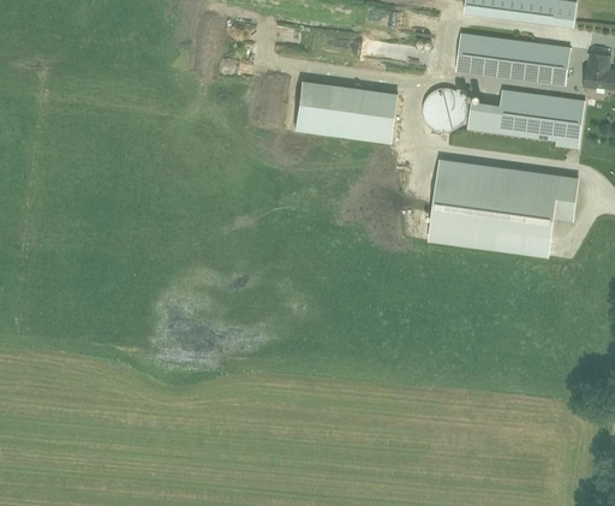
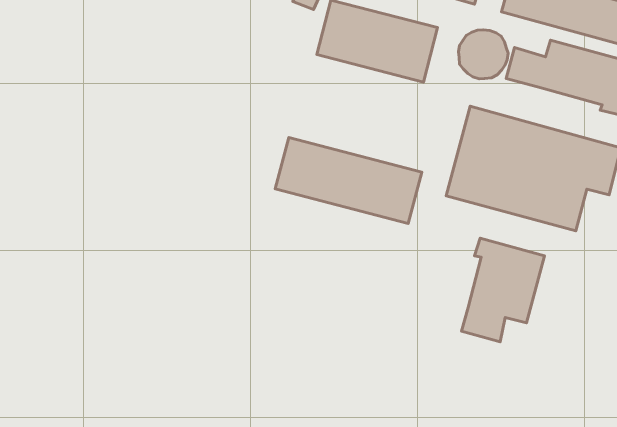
building: none -> [275,138,422,224]
building: none -> [461,238,544,342]

